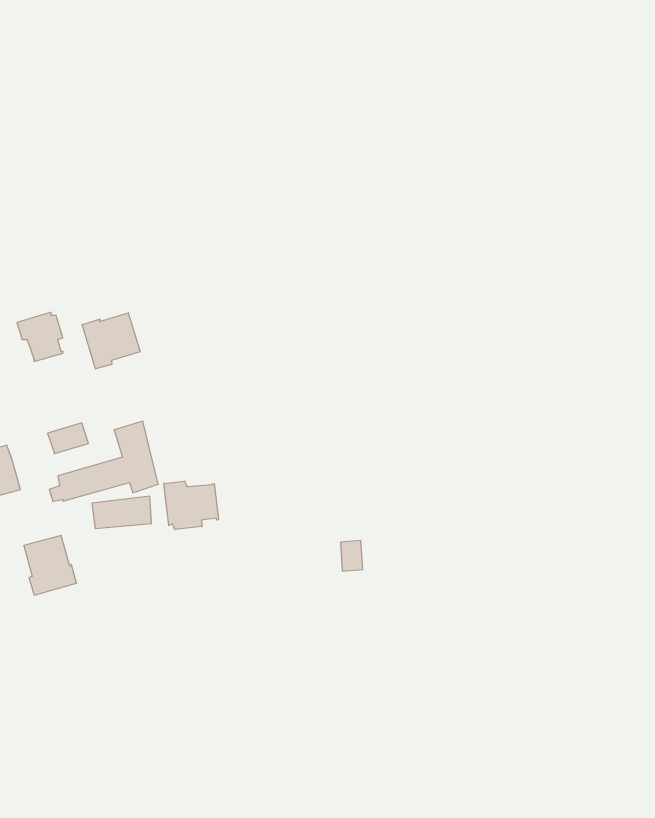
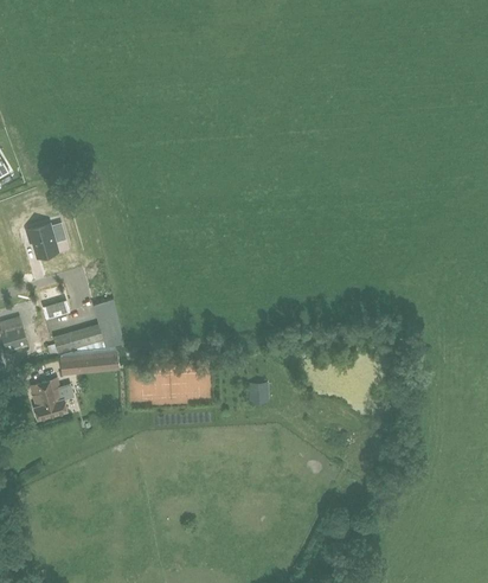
building: [82,313,140,369] -> none
building: [164,481,219,530] -> none

